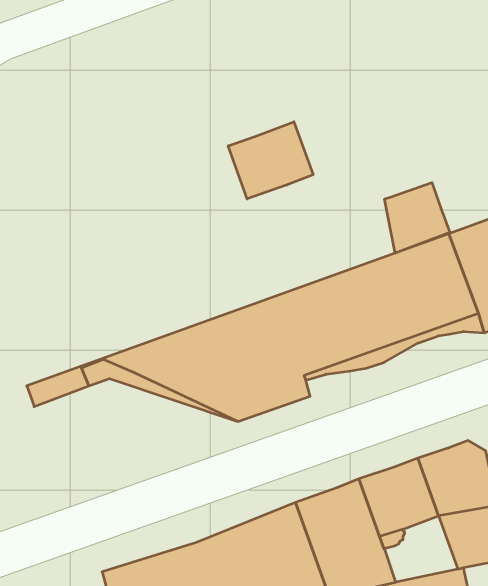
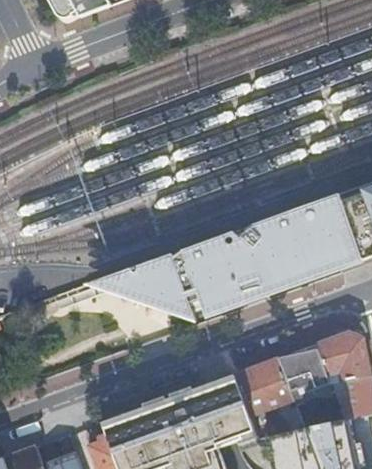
building: [228,122,313,199] -> none
building: [385,183,450,253] -> none

